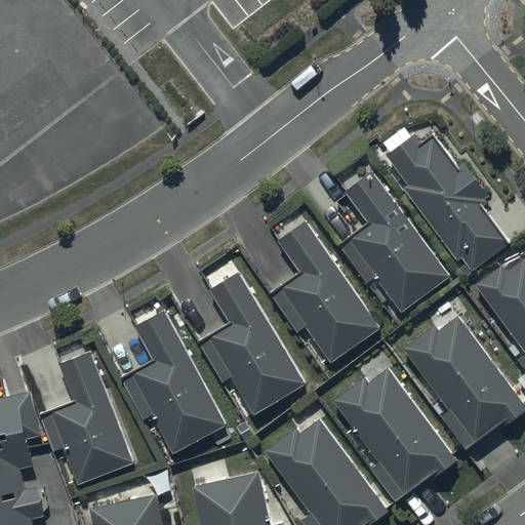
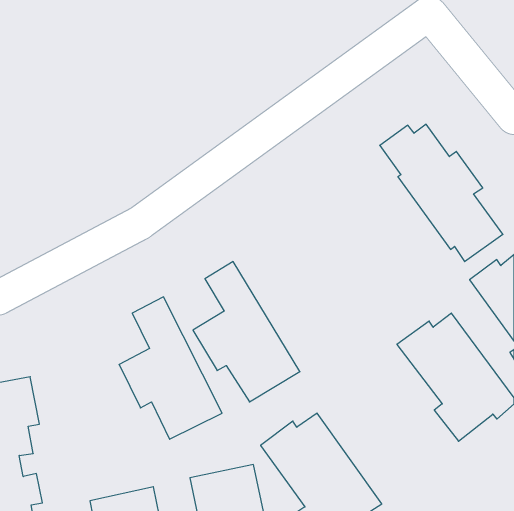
building: [337,169,450,310] -> none
building: [269,217,379,362] -> none
building: [39,349,133,482] -> none
building: [334,372,456,504] -> none

